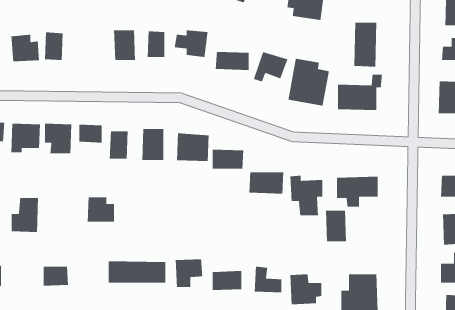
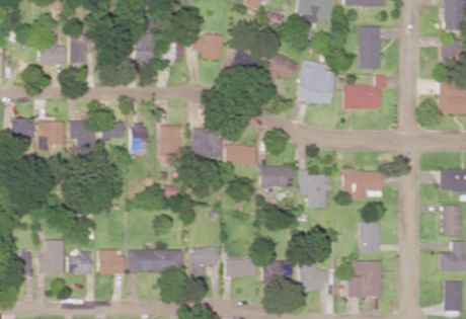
building: [87,197,115,223] -> [98,249,125,273]
building: [11,197,39,233] -> [37,240,64,273]
building: [325,210,347,242] -> [360,222,380,252]

